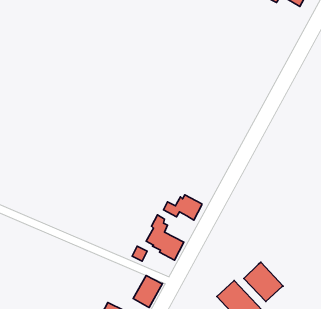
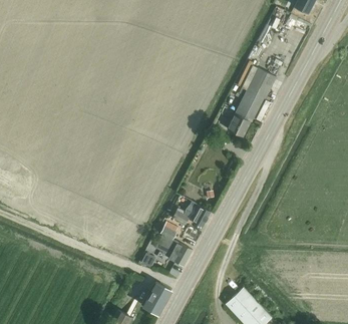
building: none -> [226,67,276,137]
building: [244,262,283,301] -> none

